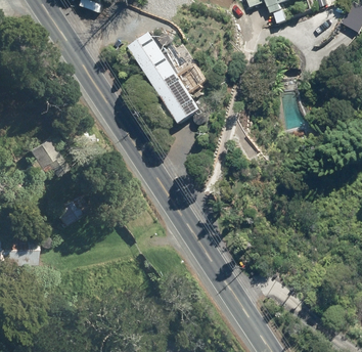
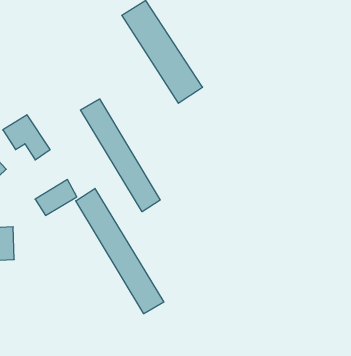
building: none -> [80,99,160,212]
building: none -> [76,188,164,314]

